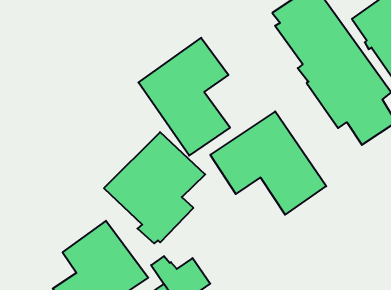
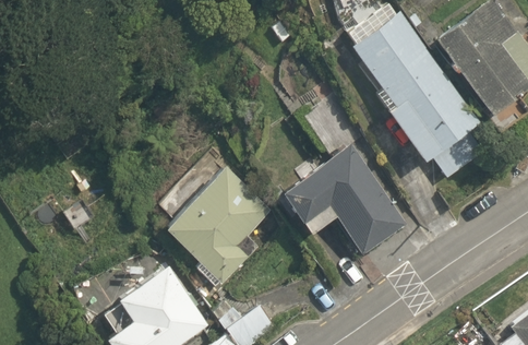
building: [138,38,230,156] -> none

